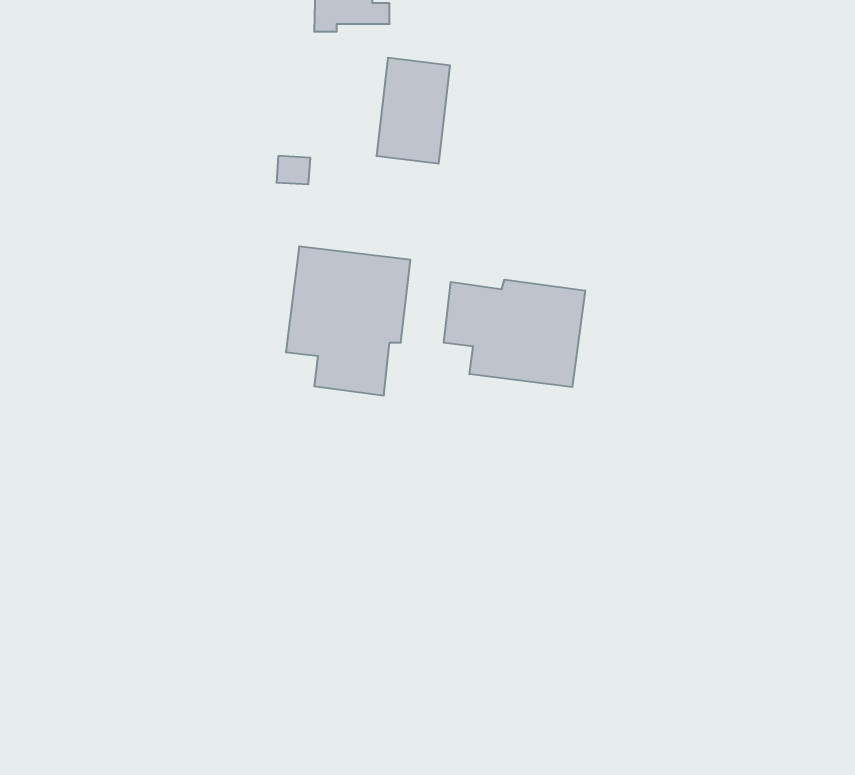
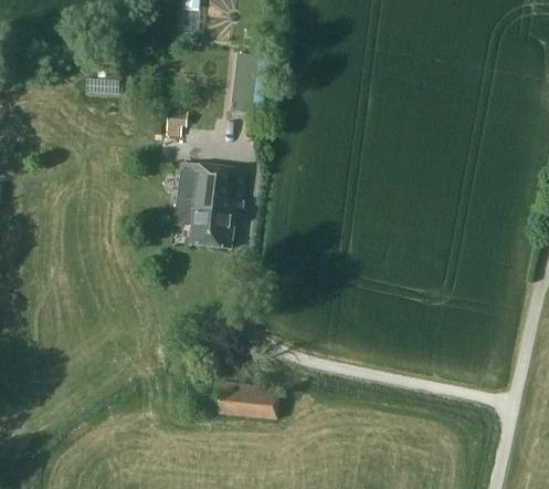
building: [444,280,585,387] -> none
building: none -> [217,382,278,418]

